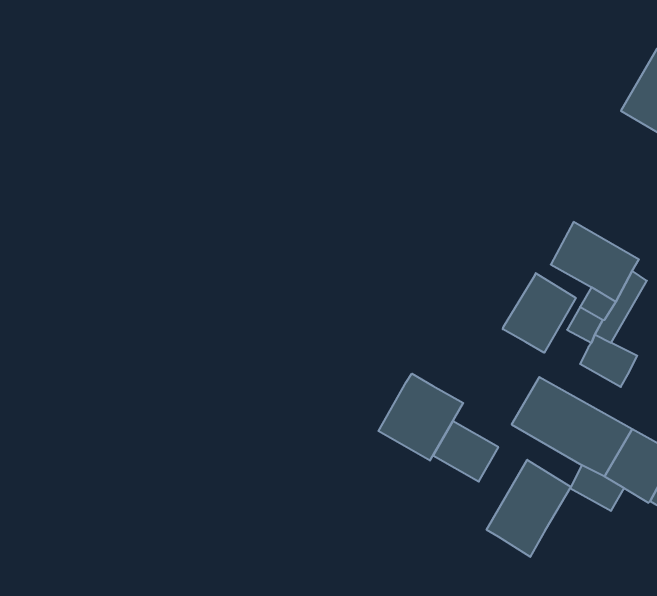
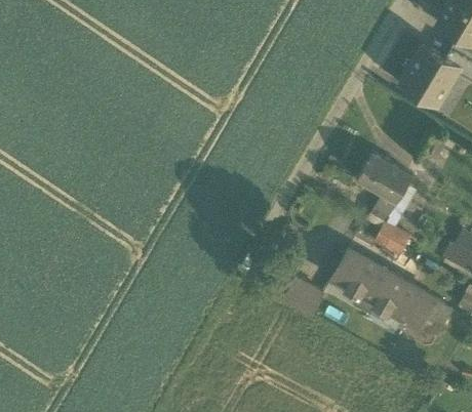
building: [503,273,576,353] -> none
building: [378,374,463,461] -> none
building: [487,460,571,557] -> none

